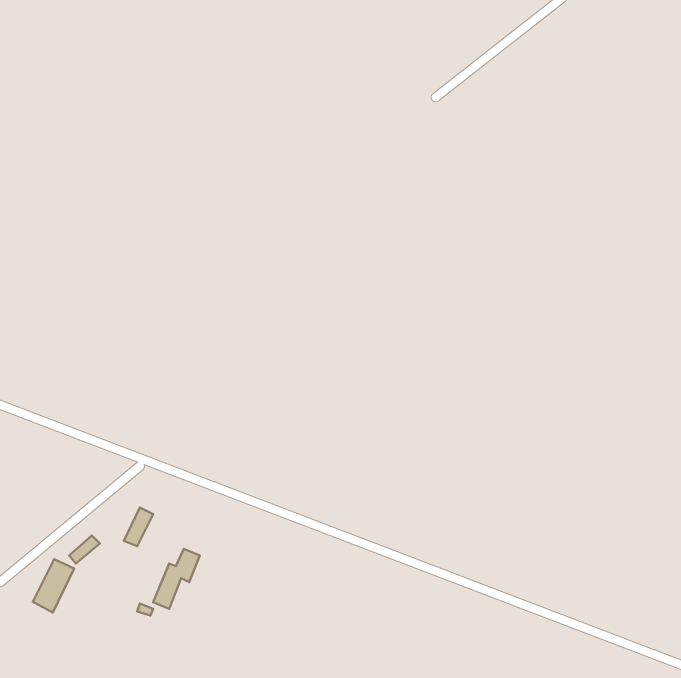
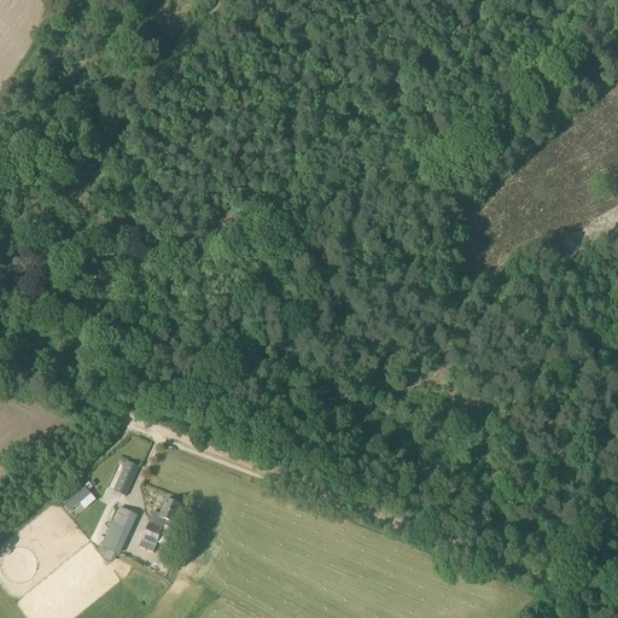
building: [33,559,74,613] -> [100,506,138,554]

